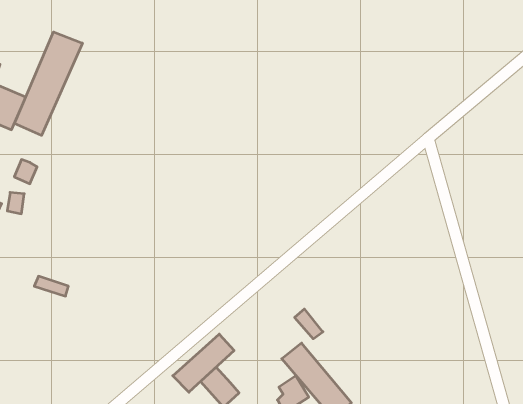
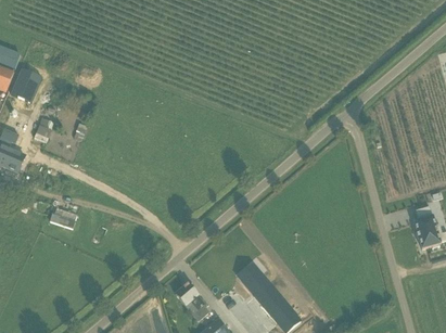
building: [14,32,82,135] -> none
building: [173,334,234,392] -> none

